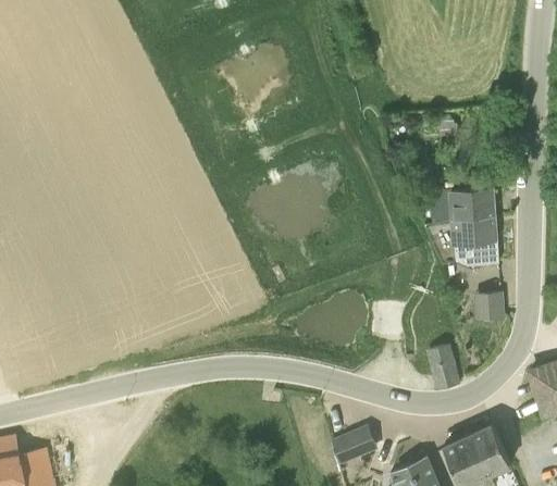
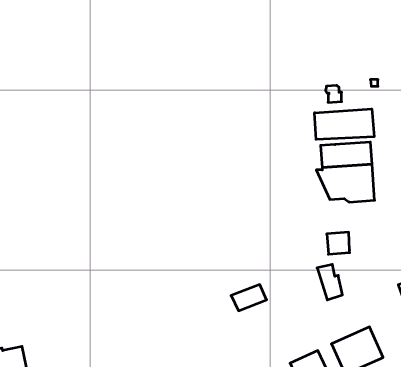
building: none -> [315,109,374,139]
building: [472,292,502,321] -> [327,232,350,254]
building: [330,428,375,462] -> [231,285,267,311]

